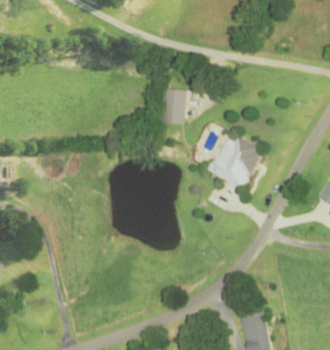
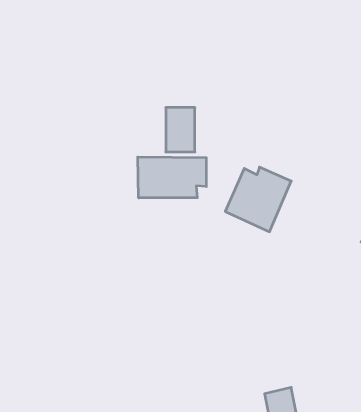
building: none -> [138,157,206,198]

